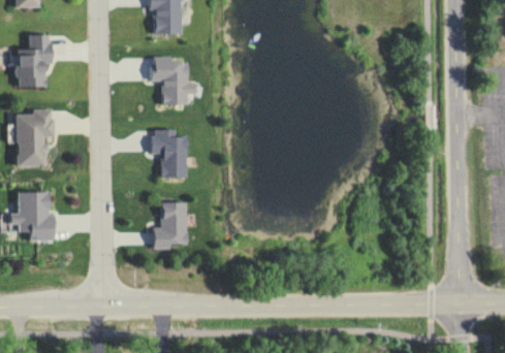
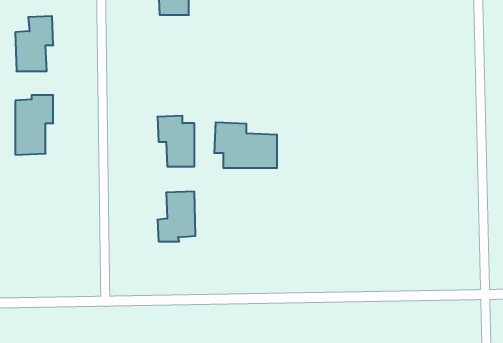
building: [152,57,196,104] -> none
building: none -> [214,122,277,168]
building: [11,192,56,242] -> none

